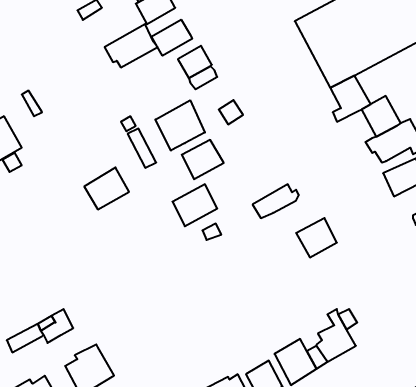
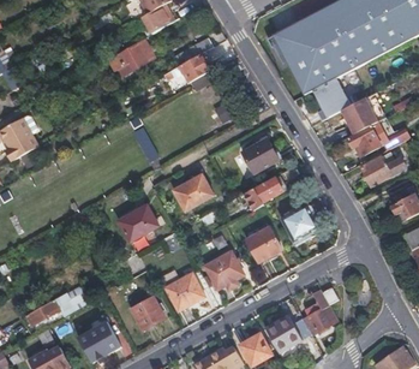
building: [152,20,192,56] -> none
building: [155,100,205,151] -> none
building: [182,140,224,179] -> [243,139,280,174]
building: [84,167,129,209] -> [120,206,160,243]
building: none -> [244,226,282,262]
building: none -> [206,251,245,290]
building: none -> [166,273,204,310]
building: none -> [132,296,166,329]

